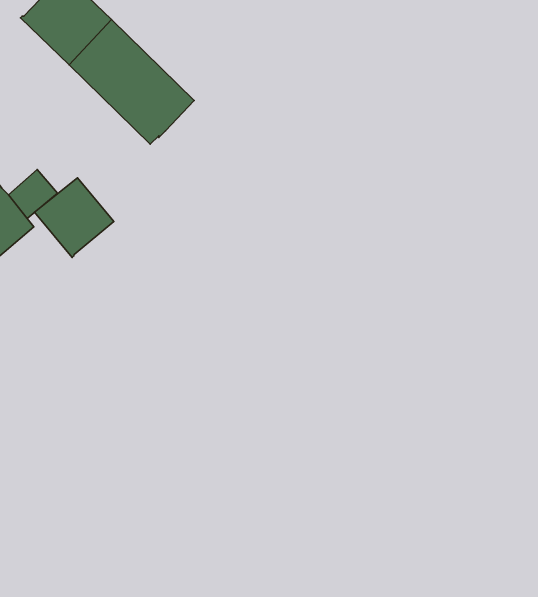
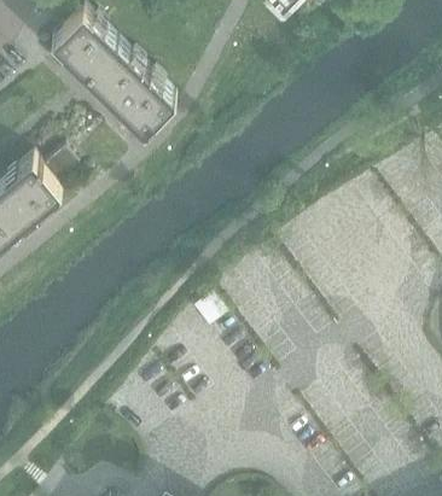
building: [35,178,114,257] -> none

